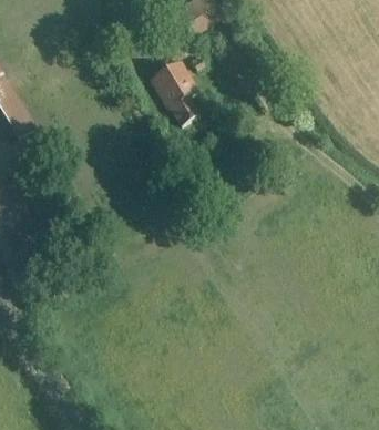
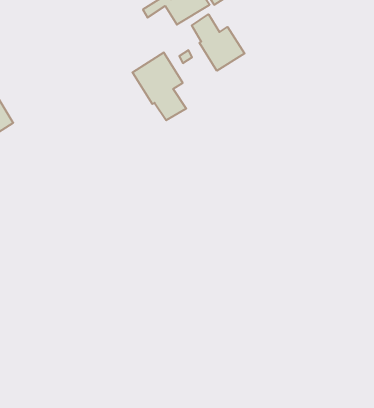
building: none -> [192,14,245,71]

